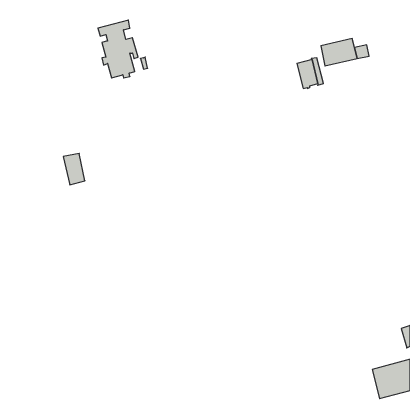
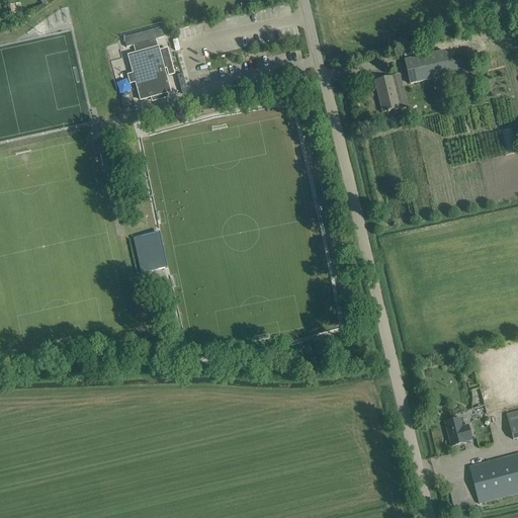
building: [63,153,85,185] -> [141,231,168,270]
building: none -> [445,417,471,445]

